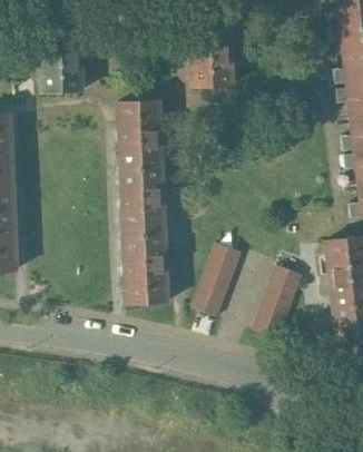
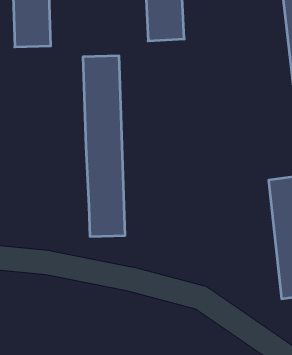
building: [190,242,239,315] -> none
building: [252,264,301,337] -> none

